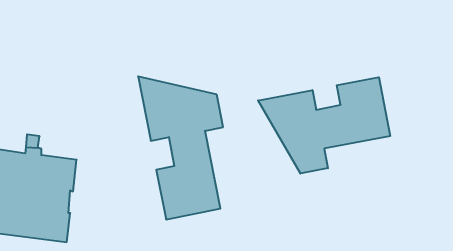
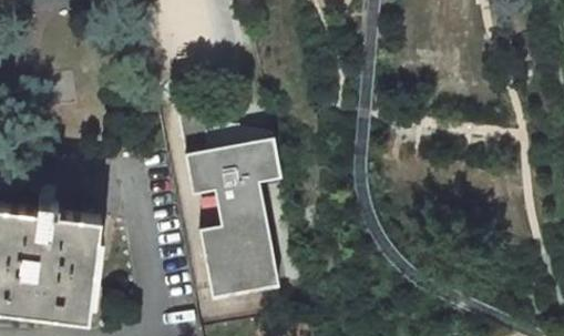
building: [258,77,390,174] -> none

